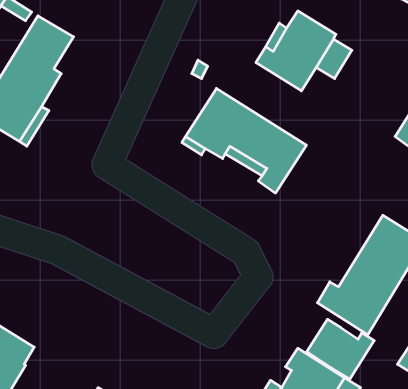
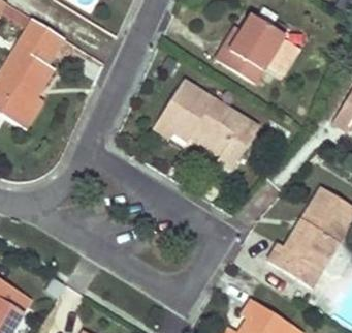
building: [307,319,374,379] -> none

